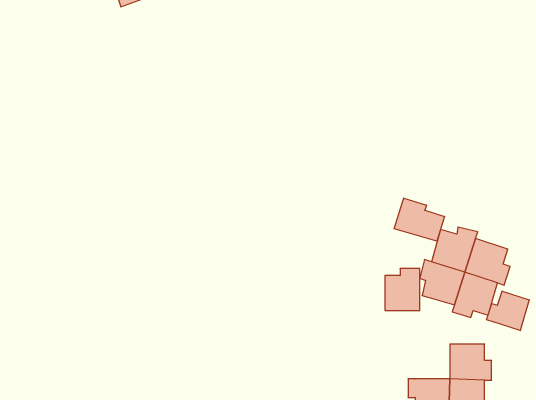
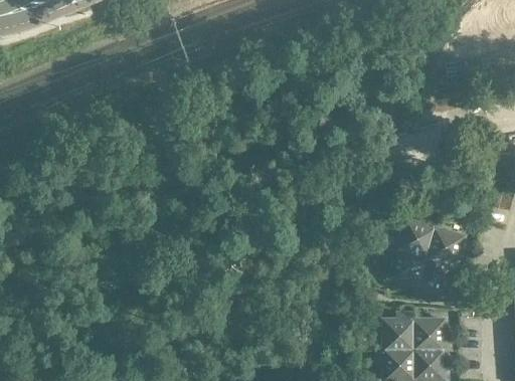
building: [394,198,445,241] -> none
building: [385,269,420,310] -> [384,313,414,349]
building: [487,291,529,331] -> none

